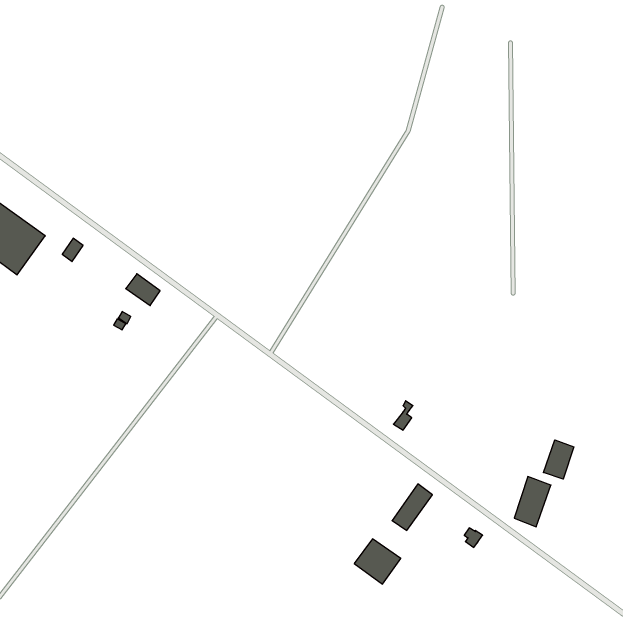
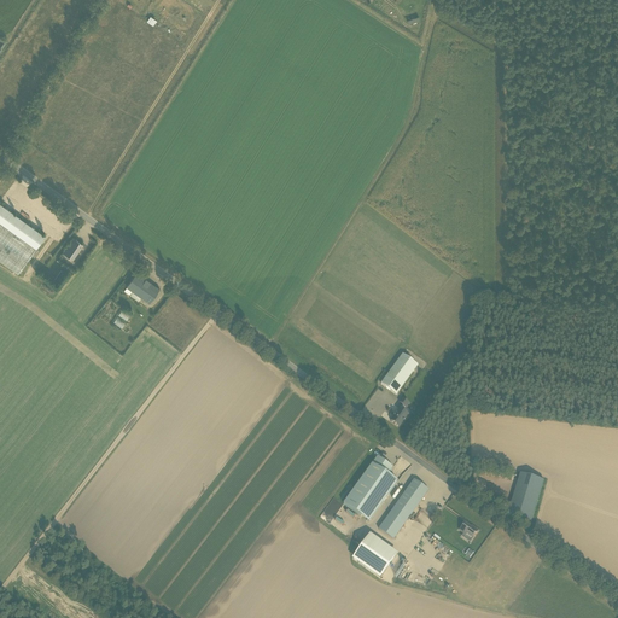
building: none -> [380,352,416,393]
building: [543,440,574,479] -> none
building: none -> [342,455,396,520]

